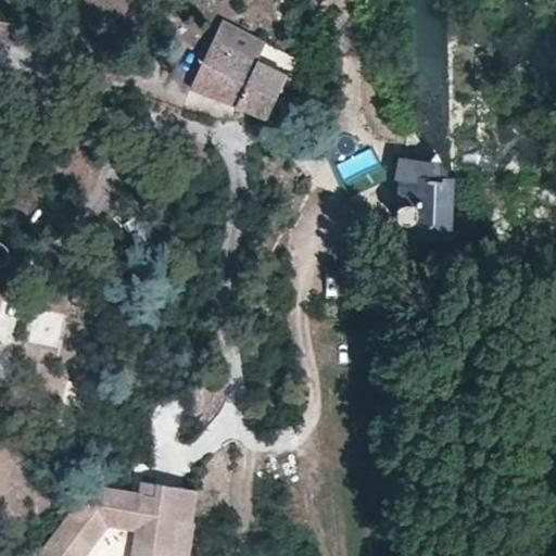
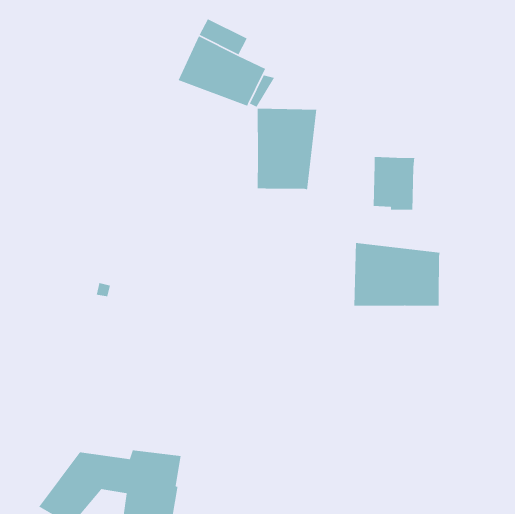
building: none -> [257,108,317,190]
building: none -> [354,242,440,307]

